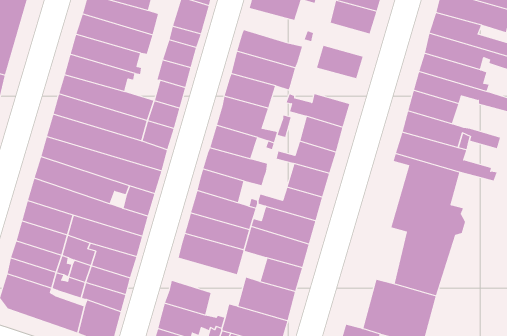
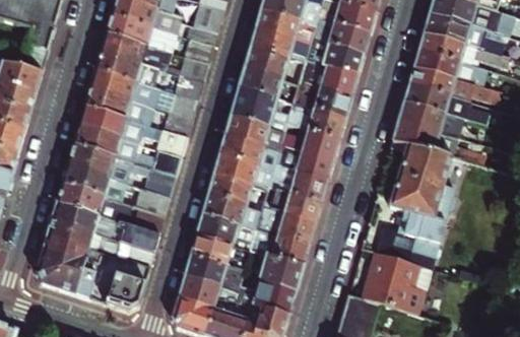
building: none -> [256,9,303,41]
building: none -> [328,22,371,53]
building: none -> [305,59,359,95]
building: none -> [191,234,251,270]

